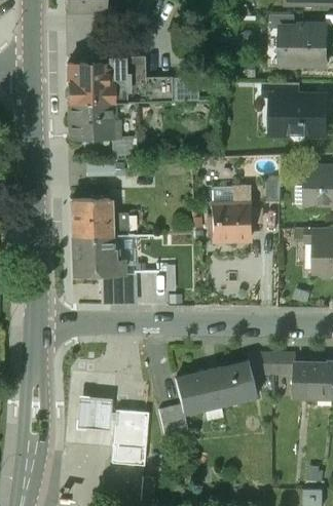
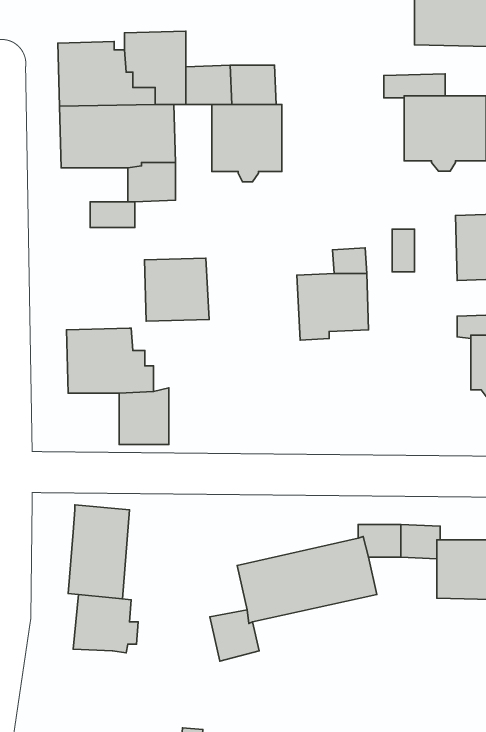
building: none -> [212,105,282,182]
building: [71,198,110,236] -> [144,258,209,321]
building: [111,408,148,465] -> [68,505,129,599]

